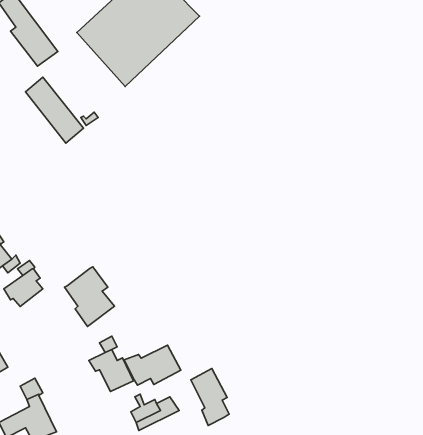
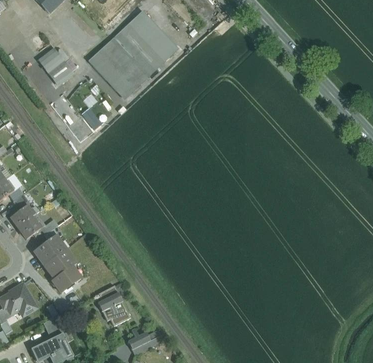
building: [64,267,114,326] -> [44,249,81,293]
building: [124,345,181,385] -> none
building: [191,368,229,425] -> none

